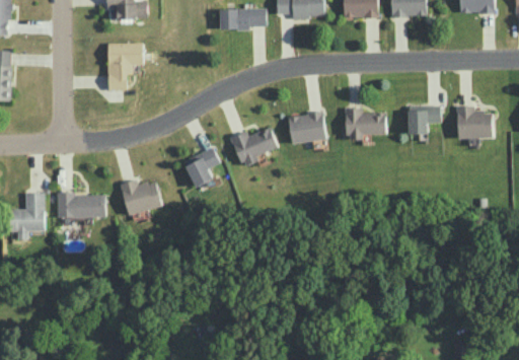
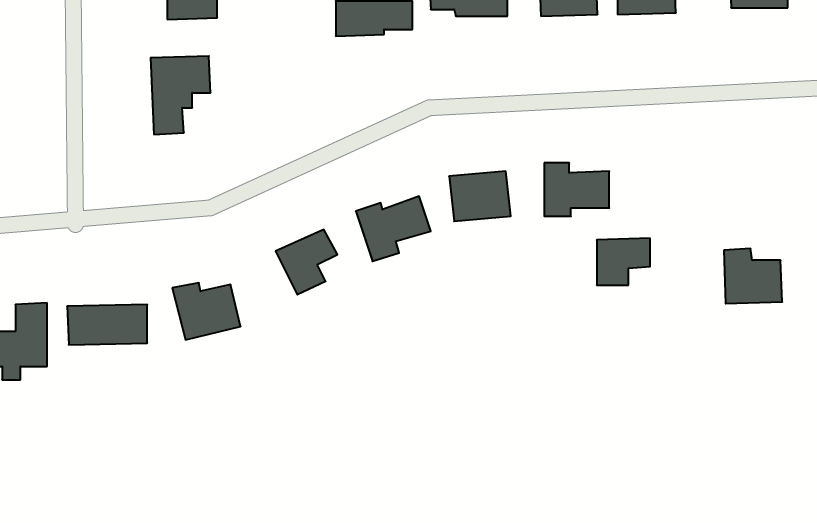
building: [407,105,440,134] -> [597,238,650,285]
building: [456,105,492,139] -> [724,249,782,304]

